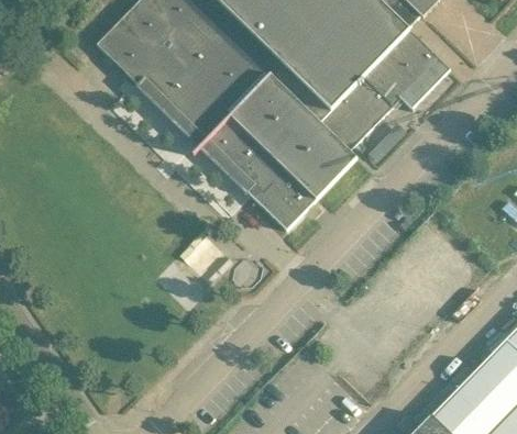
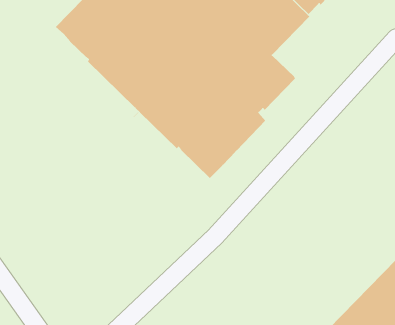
building: [364,32,450,110] -> none

